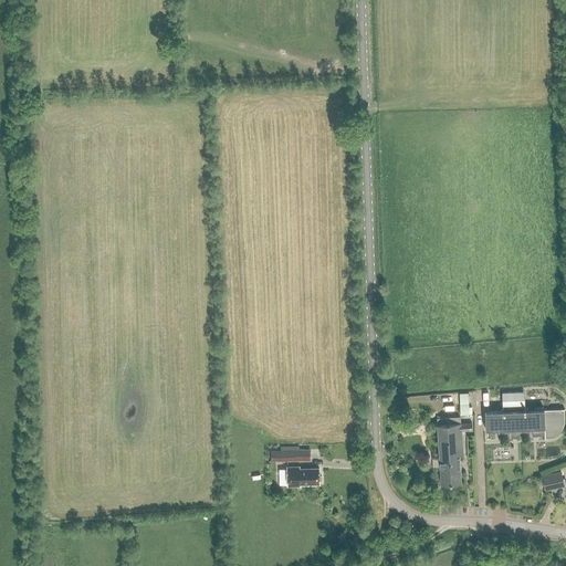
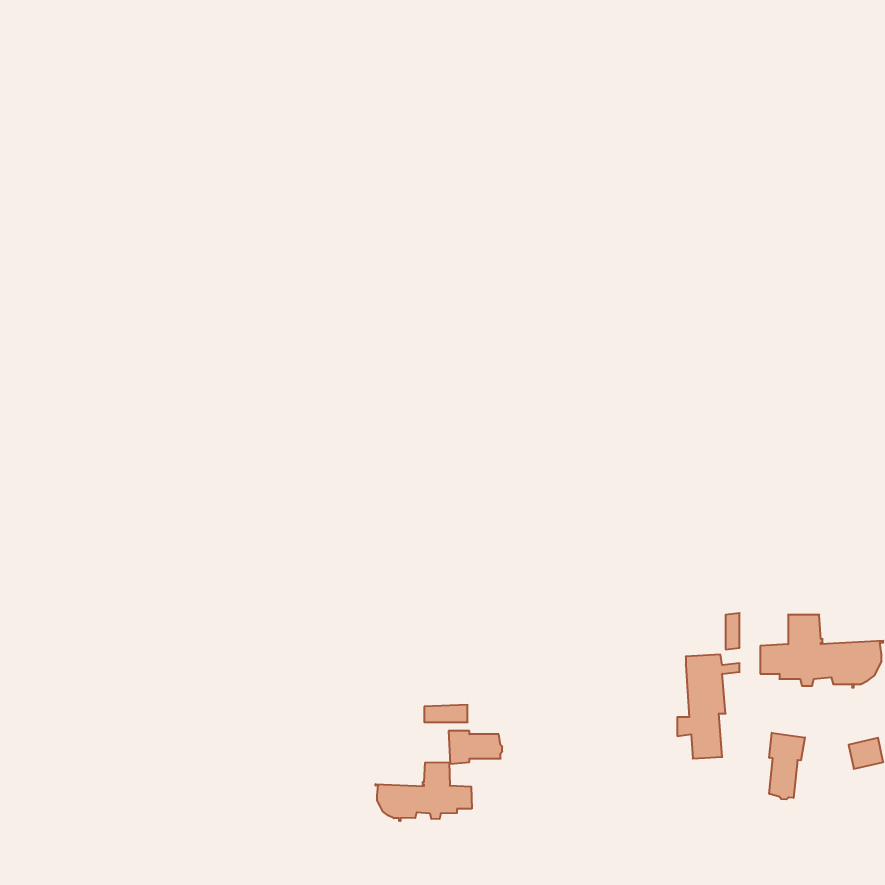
building: none -> [769,733,805,799]
building: none -> [376,762,472,821]

